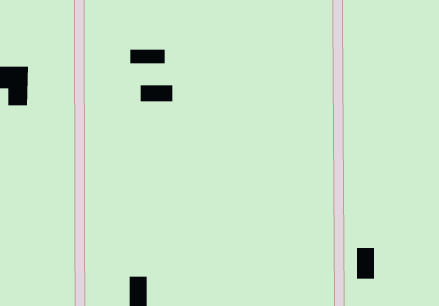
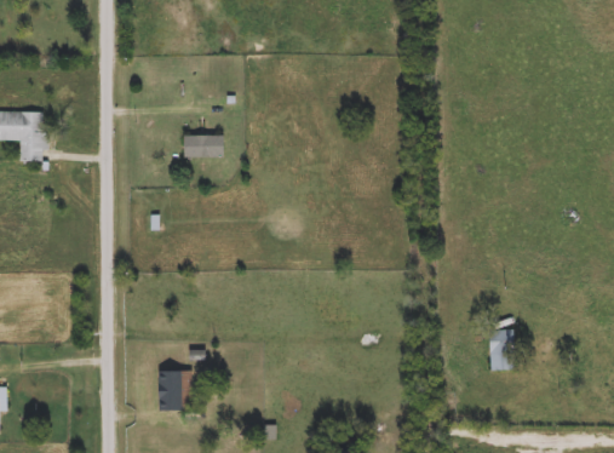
building: [129,49,165,64] -> none
building: [356,247,375,280] -> [489,329,512,369]

